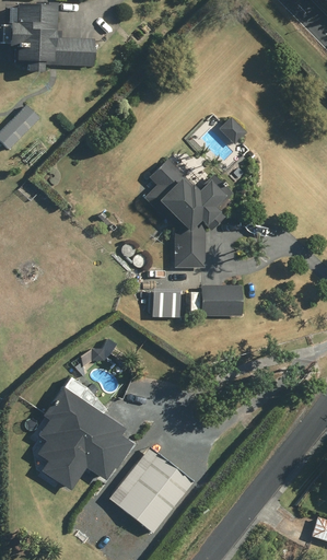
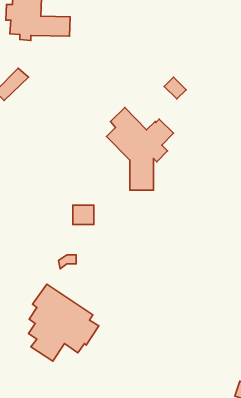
building: [199,284,240,314] -> none
building: [151,294,178,319] -> [73,205,94,224]
building: [109,447,191,530] -> none

